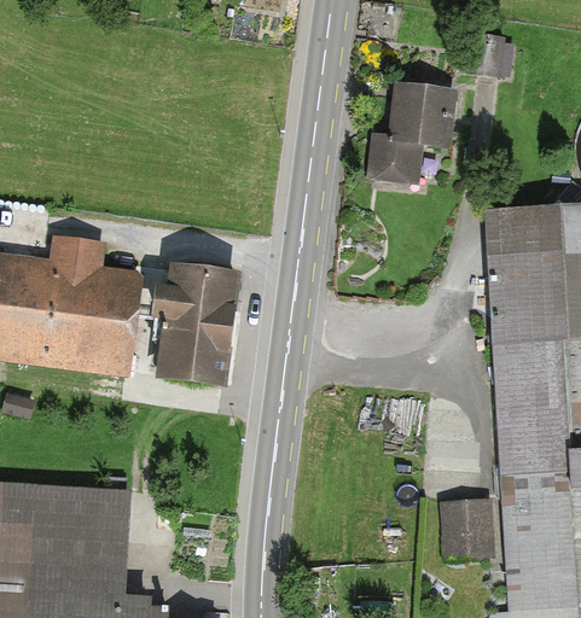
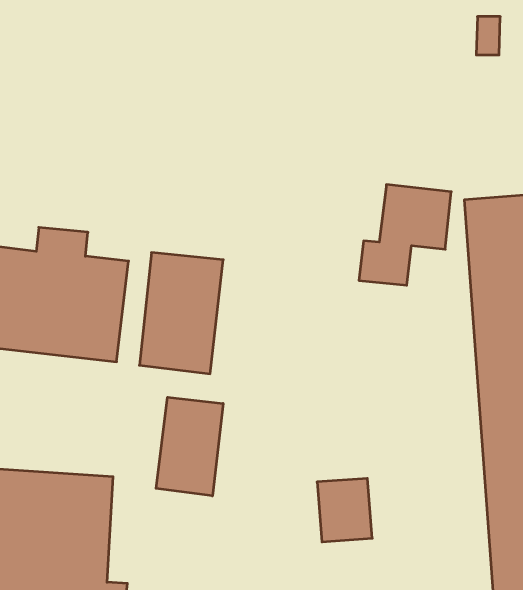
building: [365,82,458,183] -> [359,185,451,285]
building: none -> [156,397,223,496]
building: [440,495,495,559] -> [317,478,372,542]

